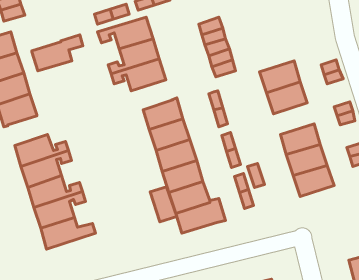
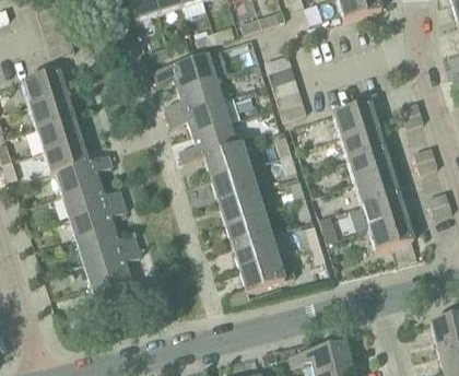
building: [32,35,83,71] -> [56,153,111,192]
building: none -> [180,121,237,161]
building: none -> [348,146,392,181]
building: [150,187,177,222] -> none

